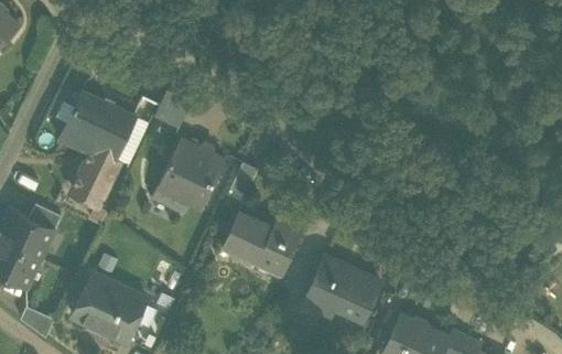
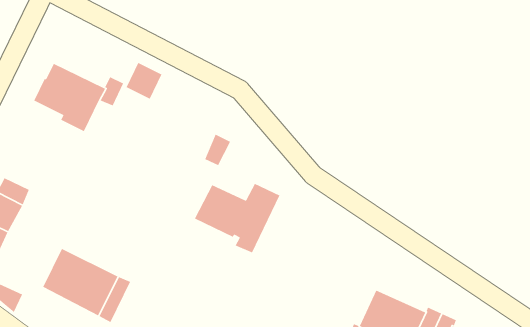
building: [151,140,223,210] -> none
building: [69,149,119,203] -> none
building: [302,256,379,320] -> none

